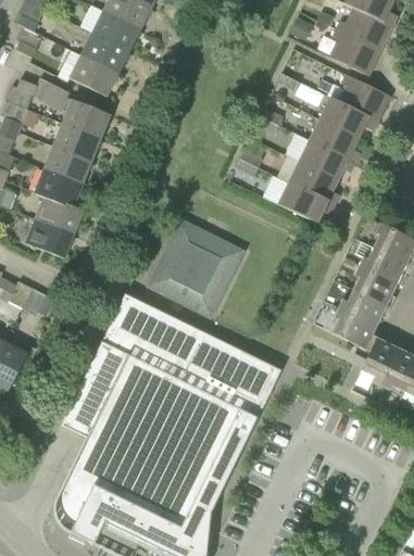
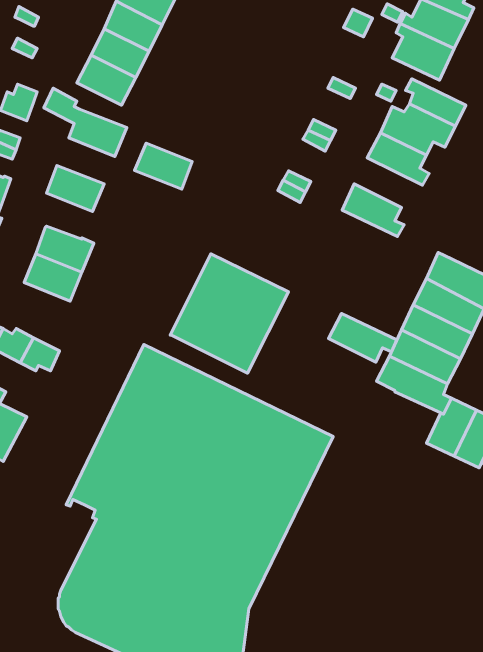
building: [53,123,101,161] -> [134,143,192,189]
building: [299,139,355,180] -> none
building: [35,168,83,206] -> none
building: [278,182,335,223] -> [329,314,397,362]

